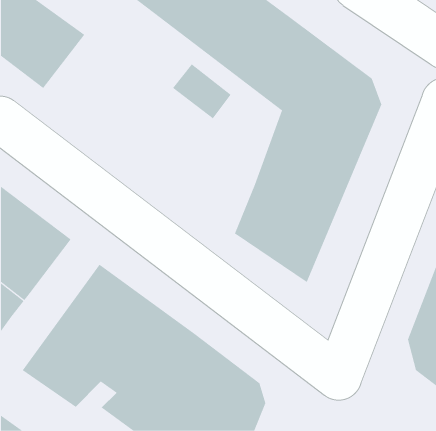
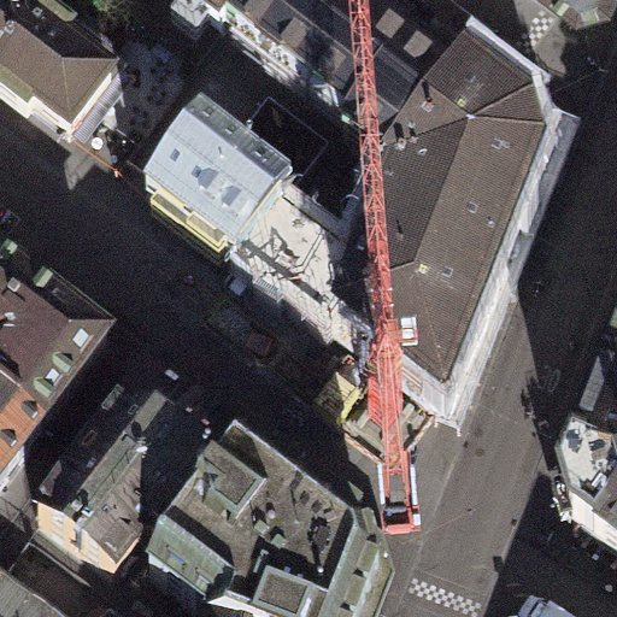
building: none -> [153,117,364,323]

